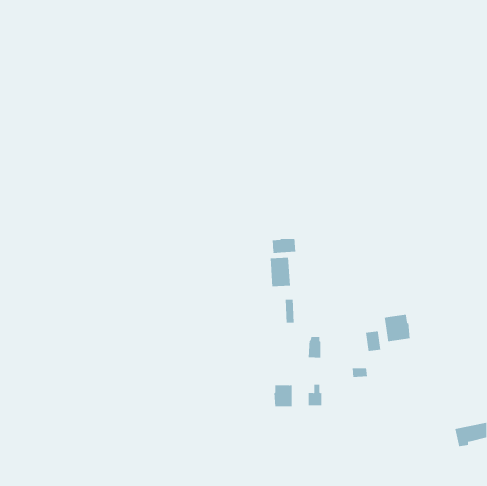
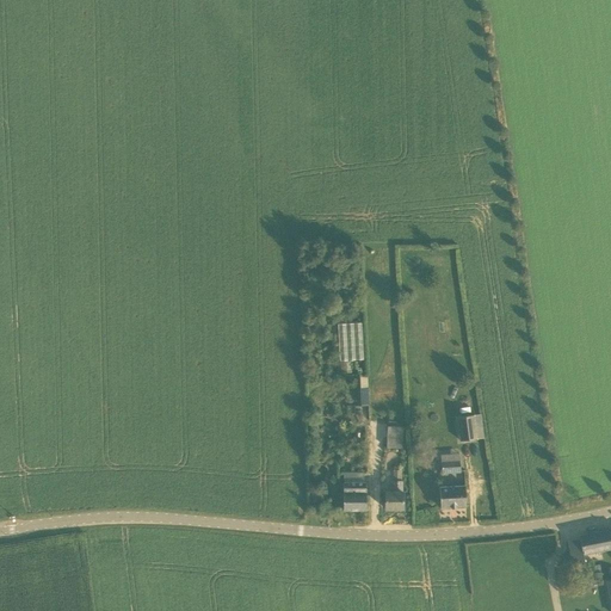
building: [272,238,296,254] -> none
building: [384,314,410,342] -> none
building: none -> [439,486,467,508]

